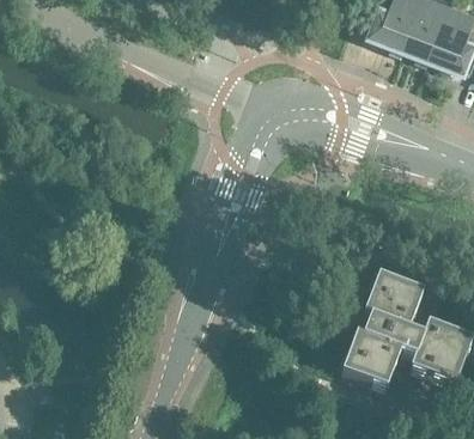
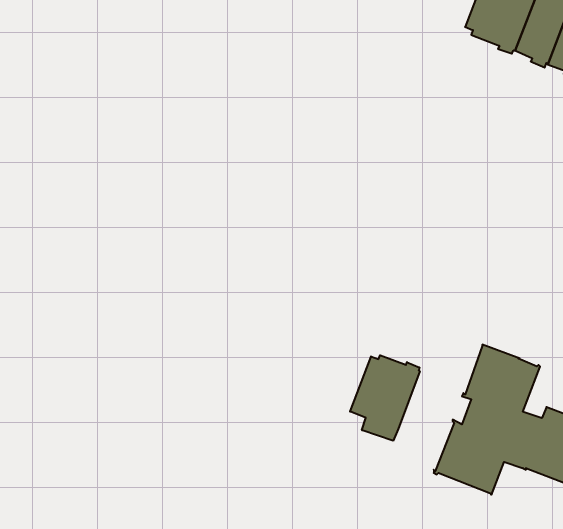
building: none -> [350,355,420,441]

